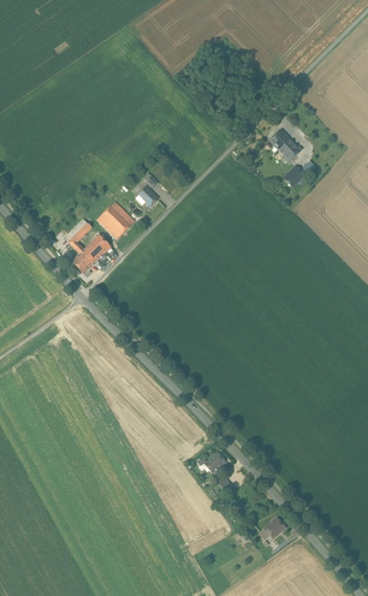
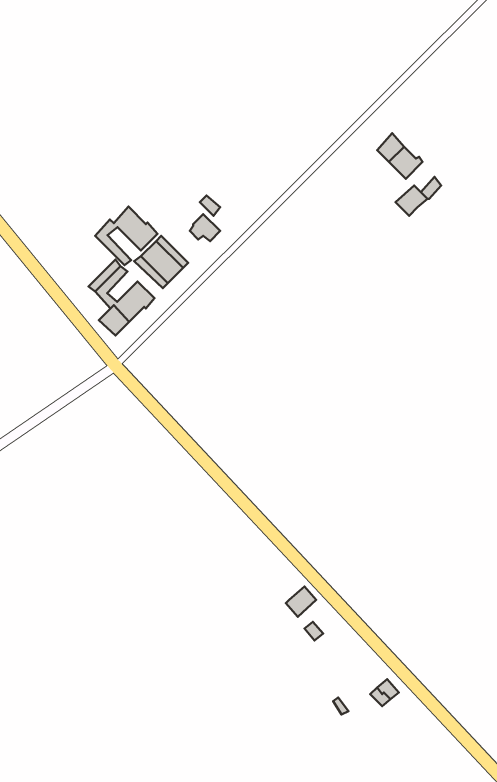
building: none -> [95,207,157,265]

